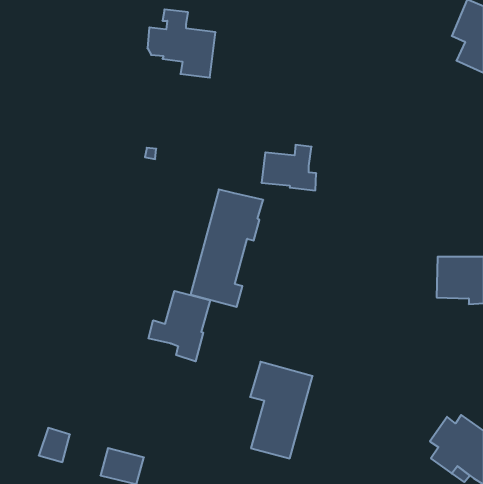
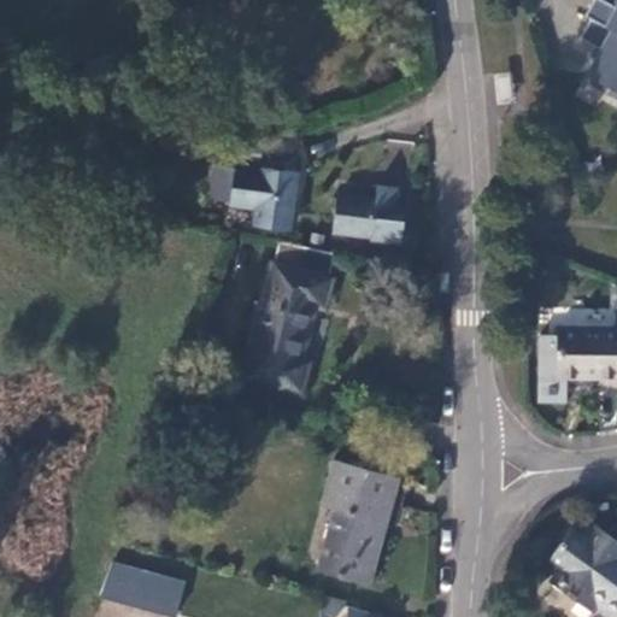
building: [147,9,216,78] -> [211,143,298,230]
building: [148,291,210,361] -> none
building: [39,428,70,462] -> [99,562,139,605]

